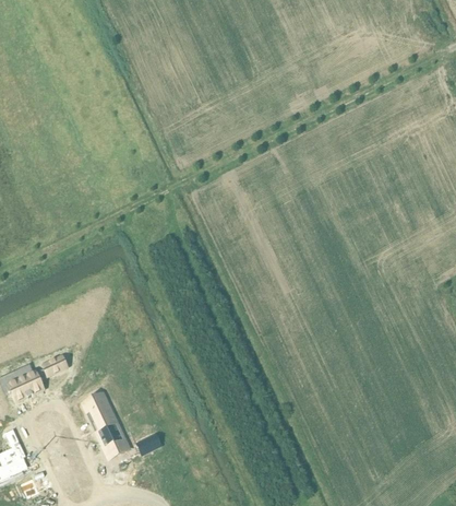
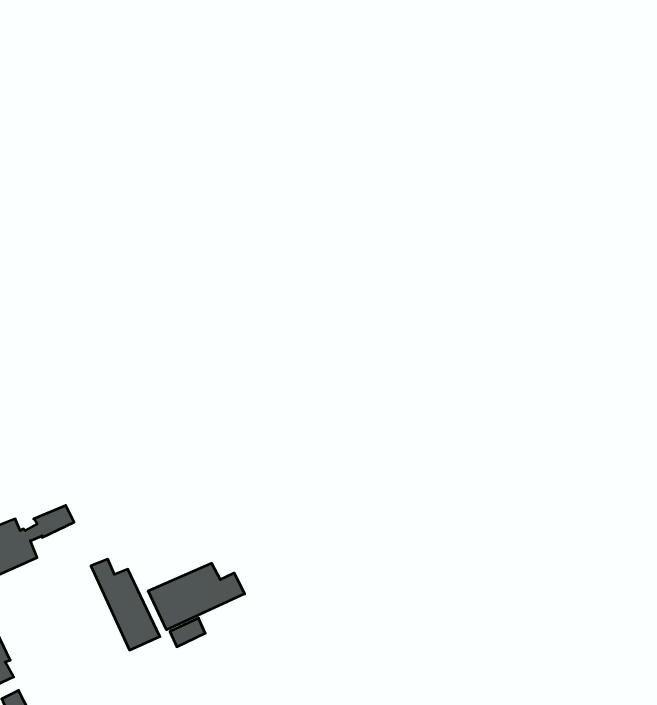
building: none -> [148,563,245,630]

